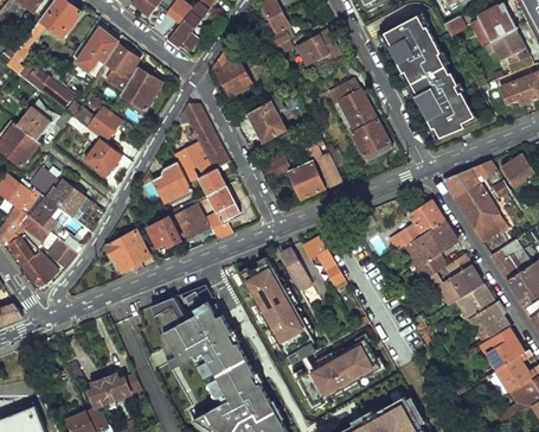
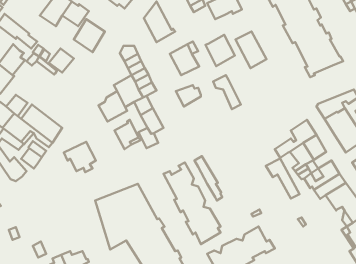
building: [352,119,391,160] -> [206,35,235,66]
building: [86,138,124,174] -> none
building: [290,161,325,198] -> none
building: [148,215,181,246] -> none
building: [302,236,347,290] -> [266,159,300,199]

